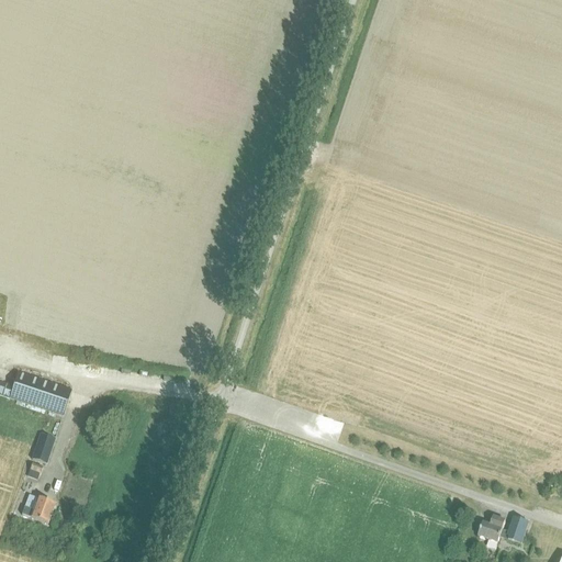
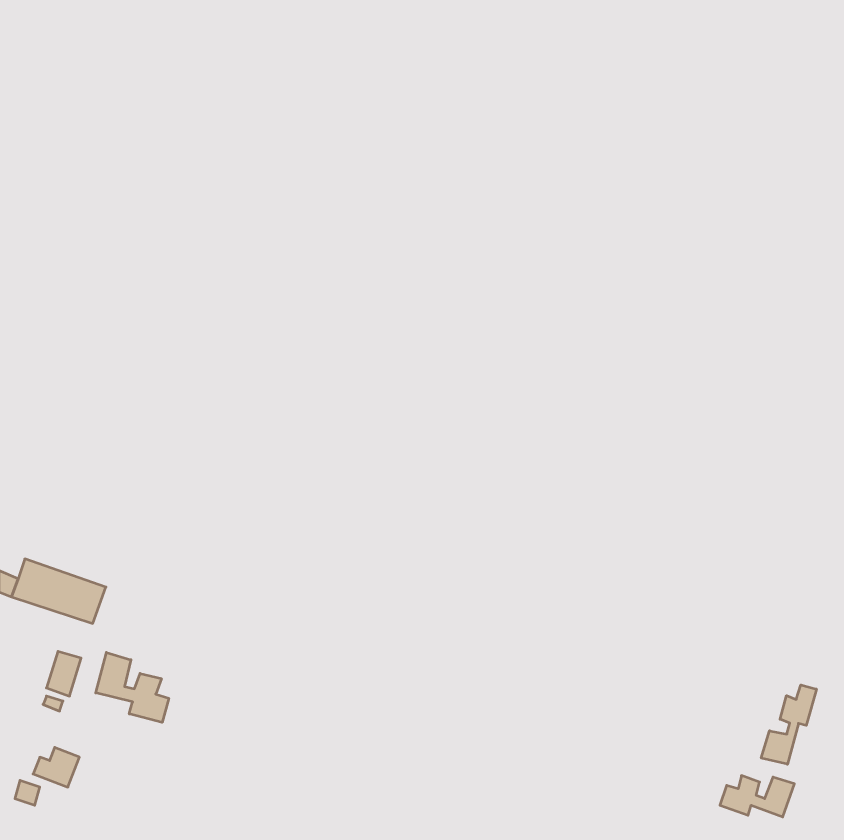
building: none -> [96,652,169,722]
building: none -> [761,685,816,764]

